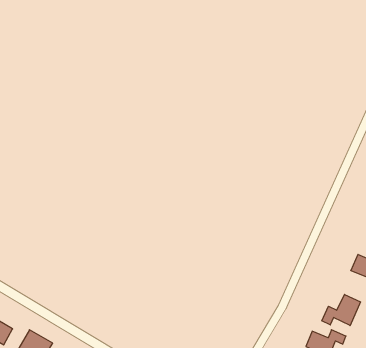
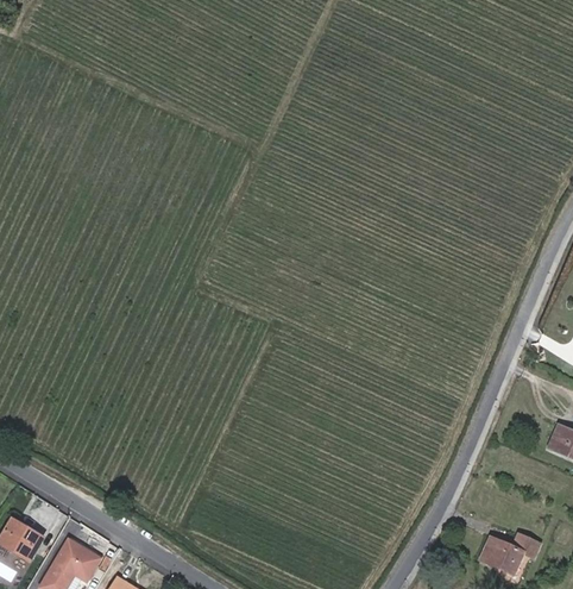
building: [322,294,361,326] -> none

